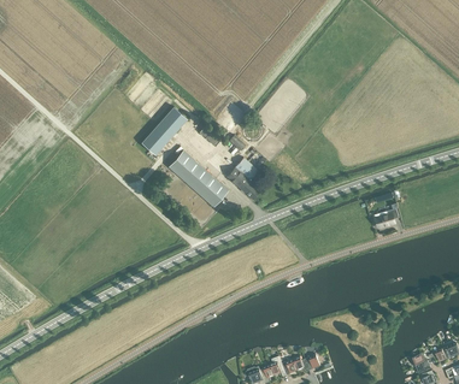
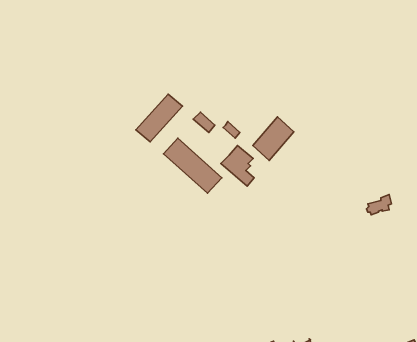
building: none -> [253,117,294,160]

